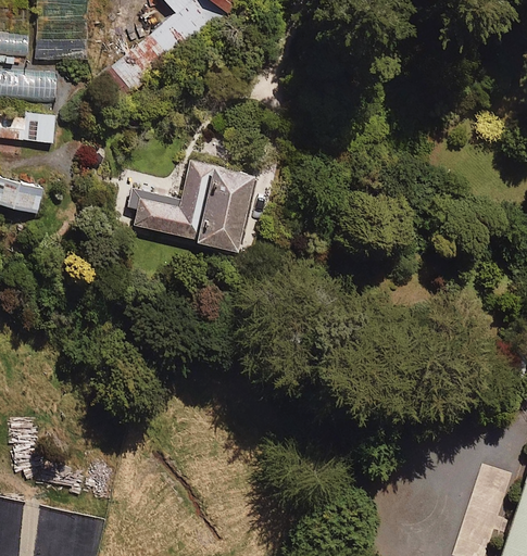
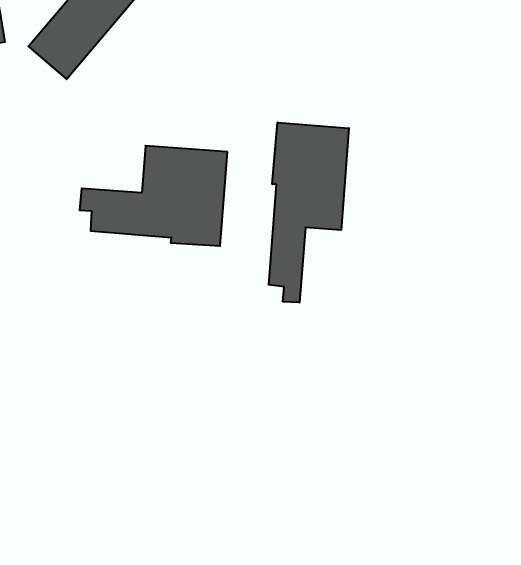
building: none -> [269,122,349,303]

